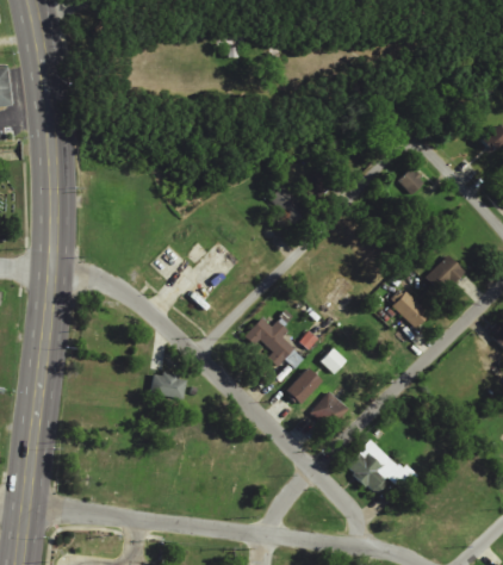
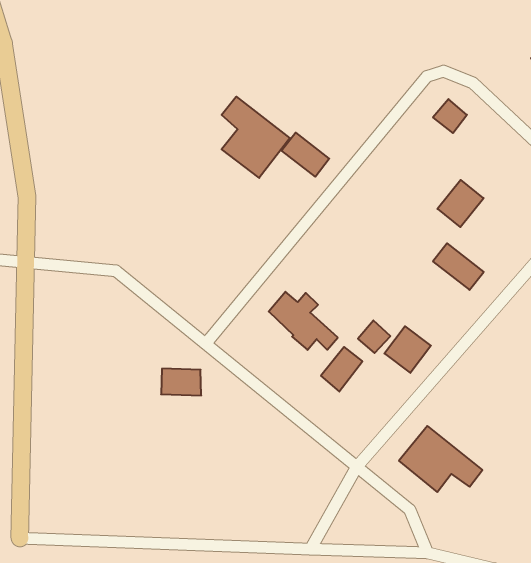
building: none -> [222,97,290,178]
building: [427,254,466,293] -> [437,180,484,227]
building: [310,391,349,430] -> [384,326,431,373]

